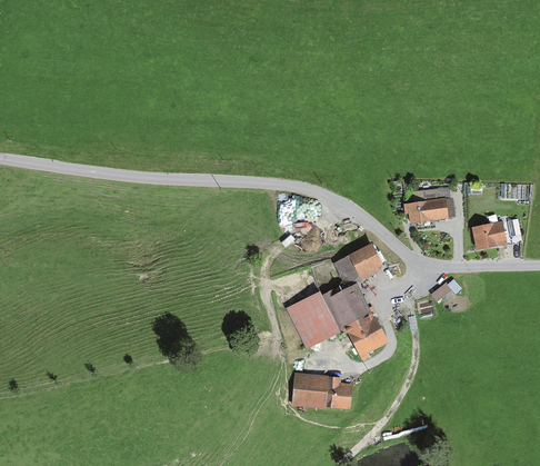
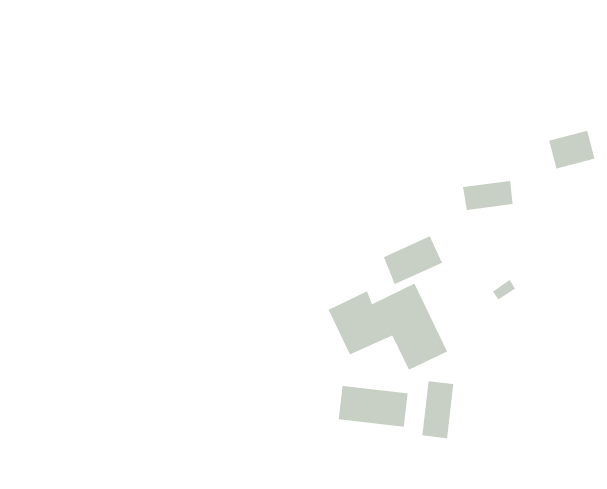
building: [469,217,510,251] -> [548,130,595,170]
building: none -> [422,380,454,439]

